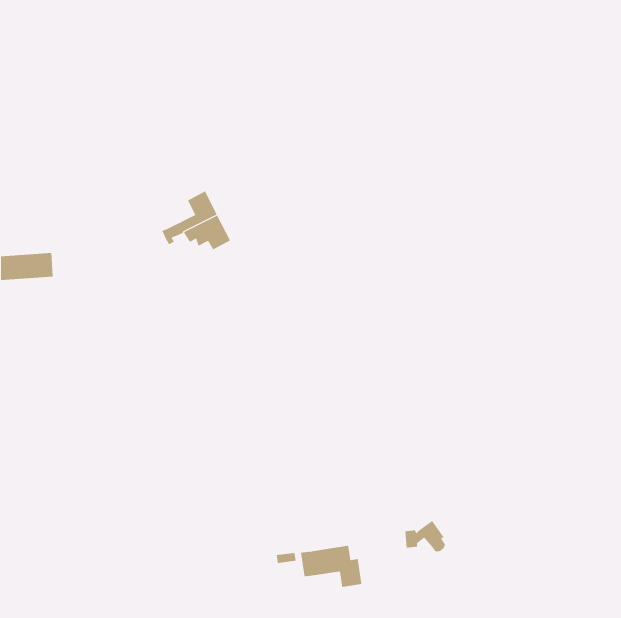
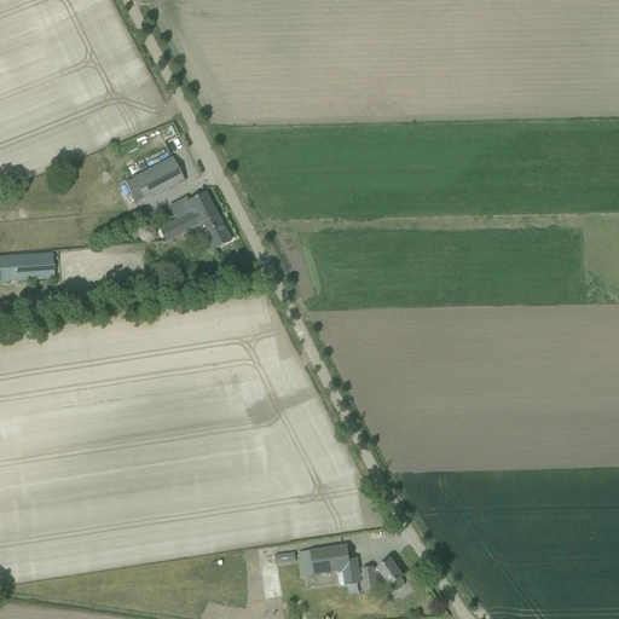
building: none -> [132,156,183,197]
building: [404,520,446,552] -> [363,557,404,589]

